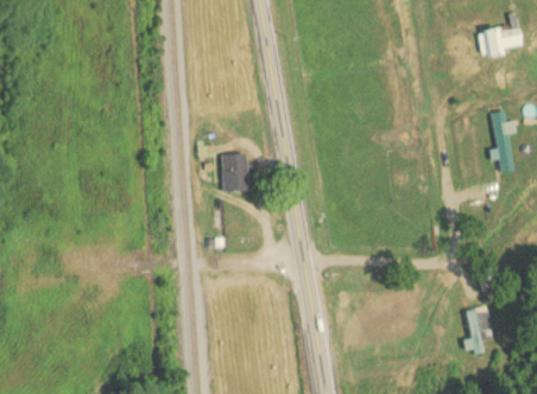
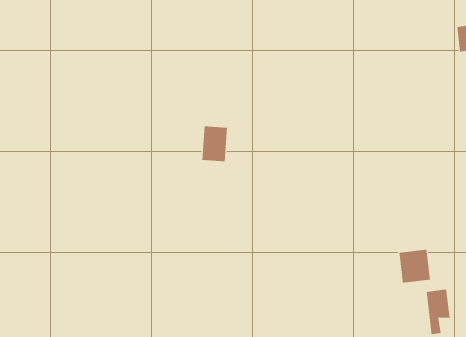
building: none -> [399,249,431,283]

